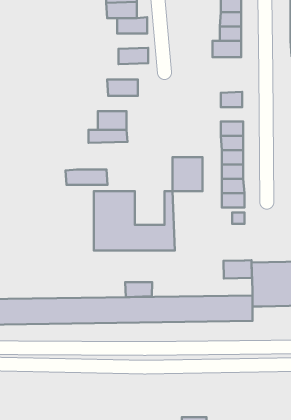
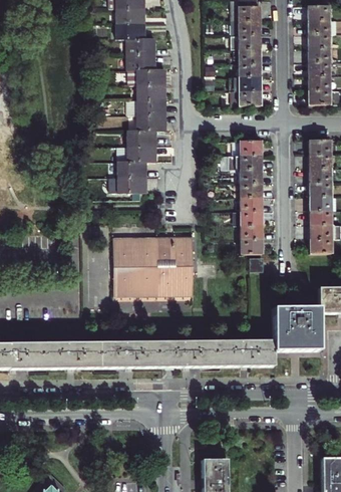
building: none -> [138,82,168,97]
building: none -> [139,111,168,128]
building: none -> [229,155,262,169]
building: [173,157,202,191] -> [155,237,185,270]
building: [66,170,108,185] -> [118,144,159,159]
building: [224,260,252,278] -> none
building: [125,282,152,297] -> none

